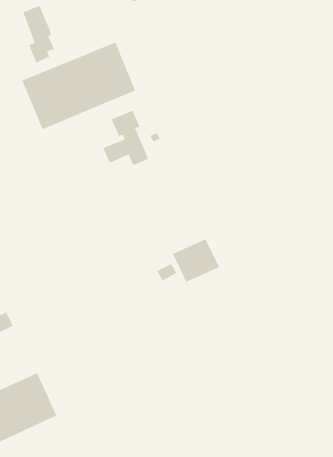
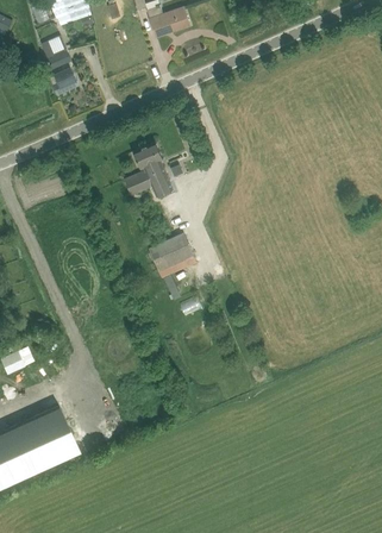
building: [21,41,136,130] -> none
building: [172,238,220,283] -> [149,233,198,278]

